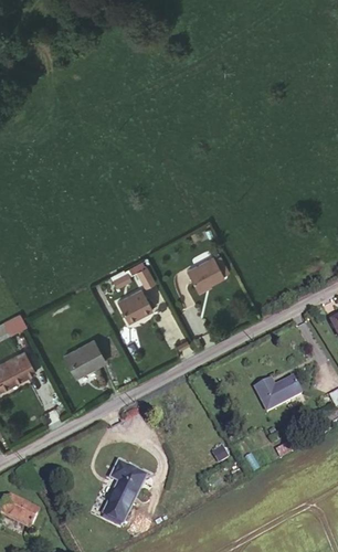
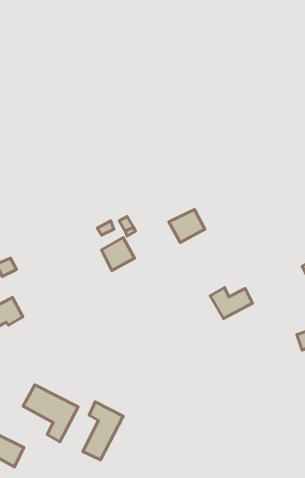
building: [64,340,106,378] -> none
building: [255,379,300,412] -> [210,288,253,319]
building: none -> [23,385,78,442]

